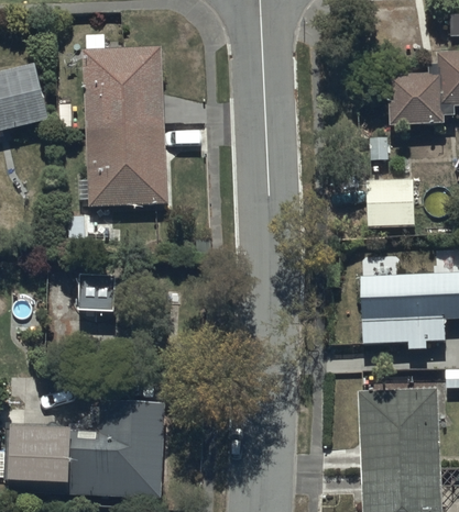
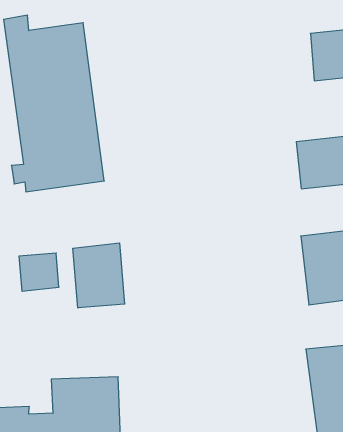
building: none -> [73,243,125,308]

